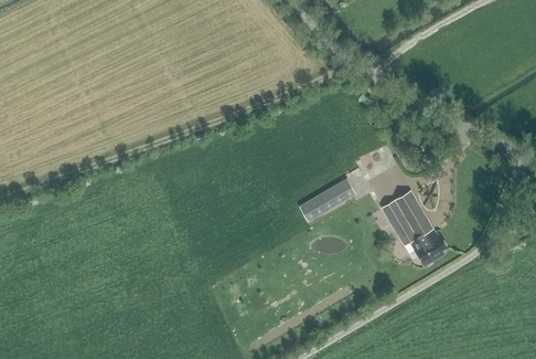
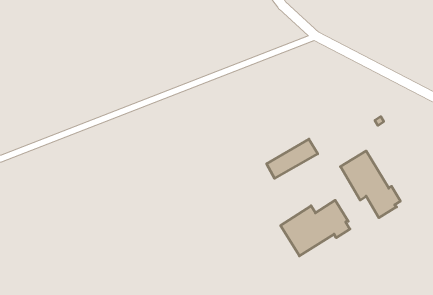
building: none -> [281,200,350,256]

